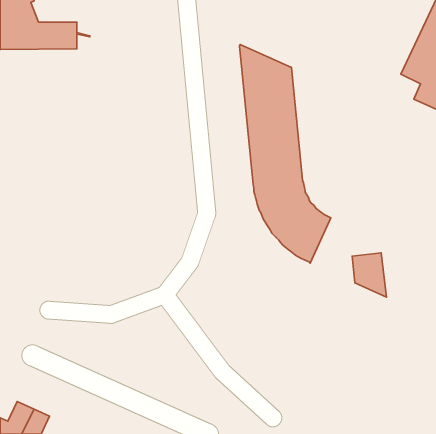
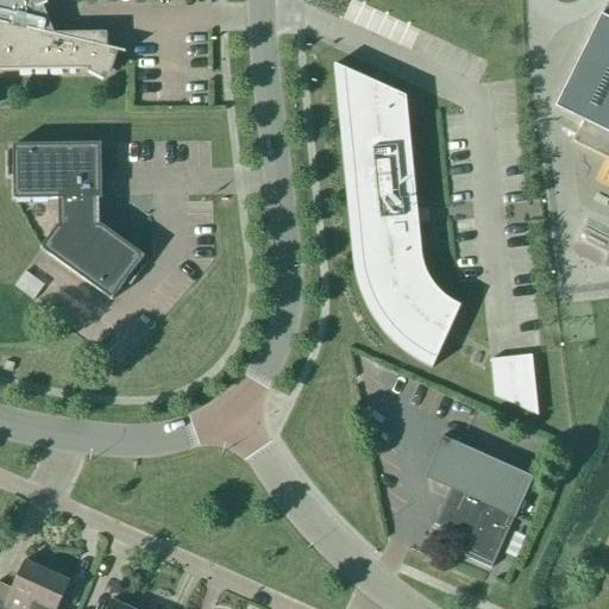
building: none -> [7,142,146,299]
building: none -> [426,433,535,566]

